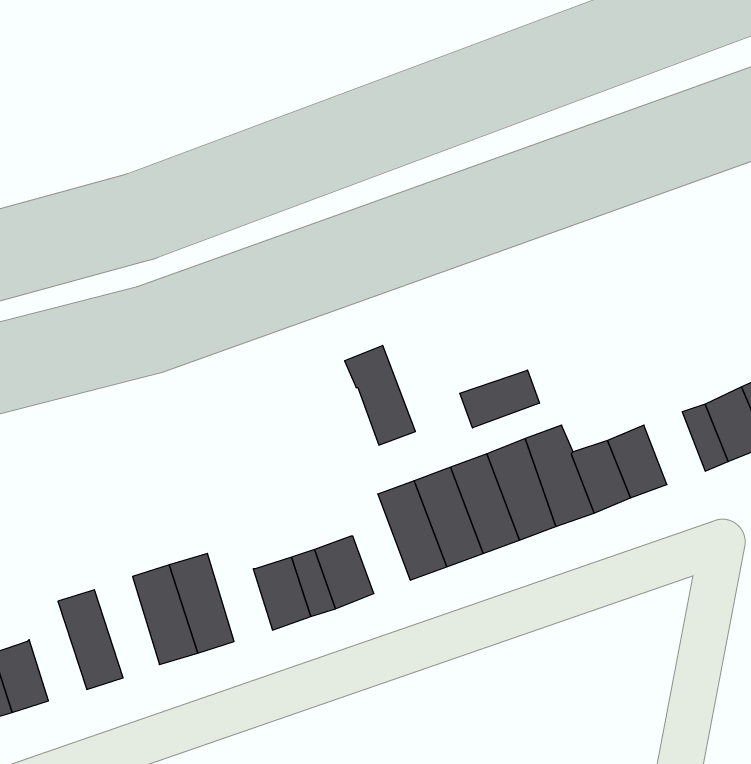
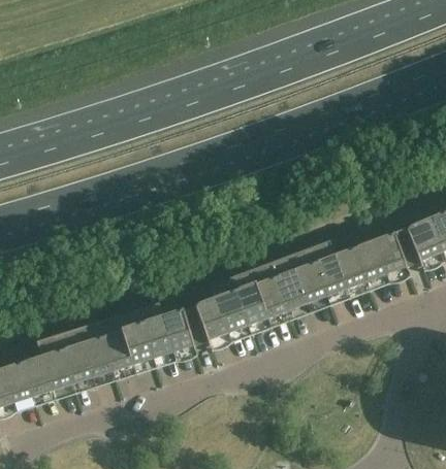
building: [345,345,415,445] -> [211,279,249,333]
building: [460,370,539,428] -> none
building: none -> [375,235,408,274]
building: none -> [139,305,174,359]
building: none -> [78,324,114,378]
building: none -> [38,337,74,391]

